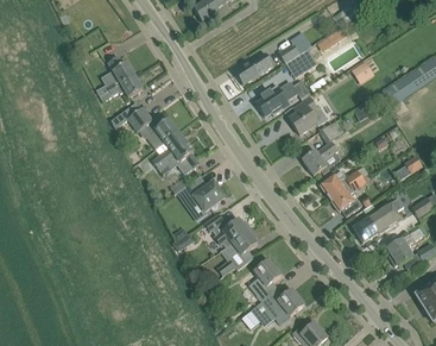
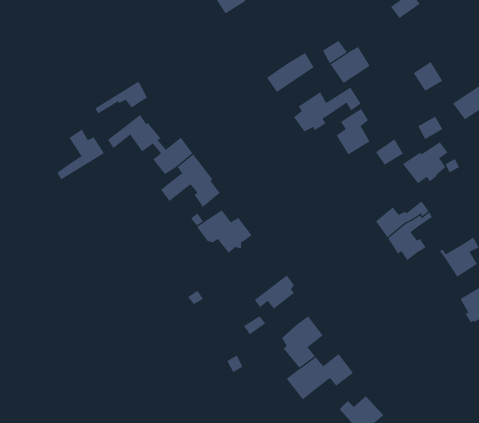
building: [97,56,135,96] -> [56,129,105,180]
building: [302,141,339,175] -> [402,141,449,184]
building: [353,203,385,243] -> none
building: [204,215,252,247] -> none

